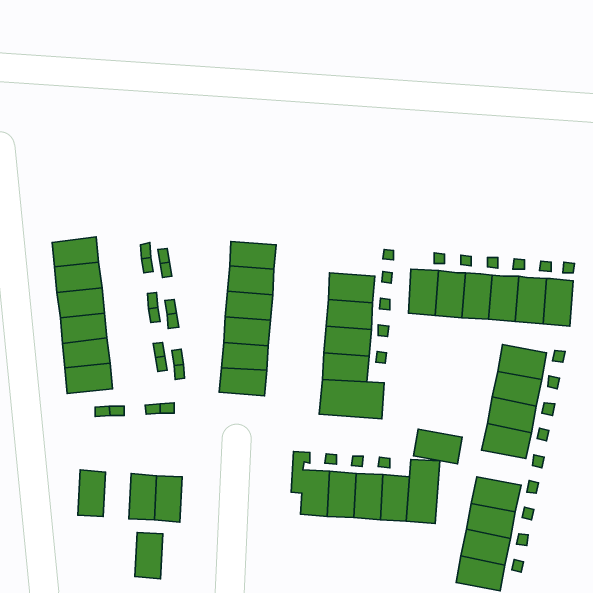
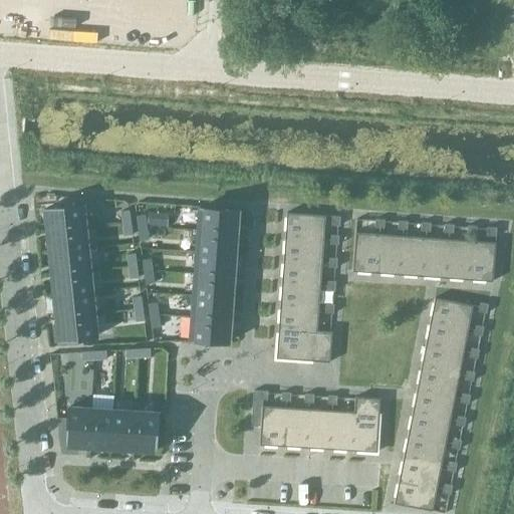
building: none -> [285,213,326,239]
building: [413,429,462,464] -> [413,390,455,420]
building: [135,533,163,579] -> [89,409,113,449]

